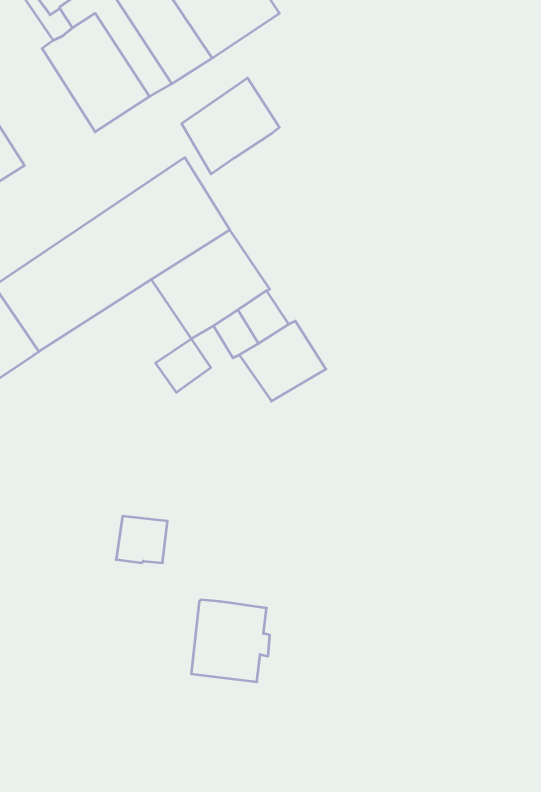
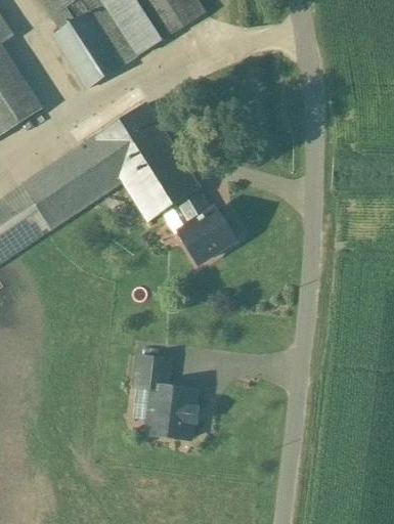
building: [182,78,279,174] -> none
building: [156,339,211,392] -> none
building: [116,516,167,563] -> [136,358,169,388]

